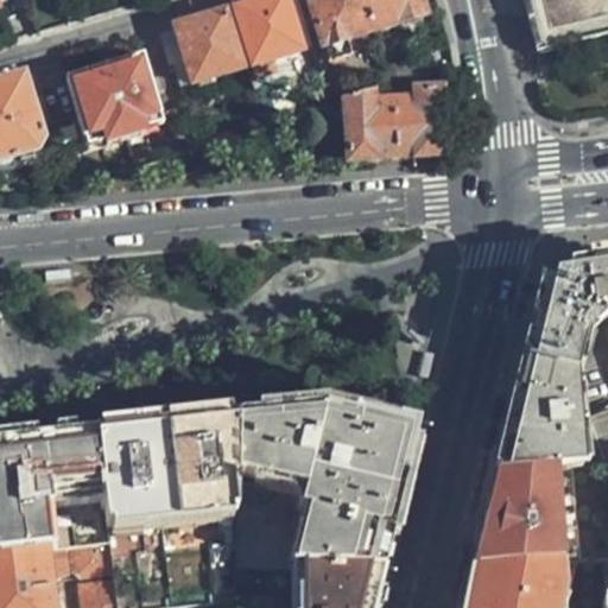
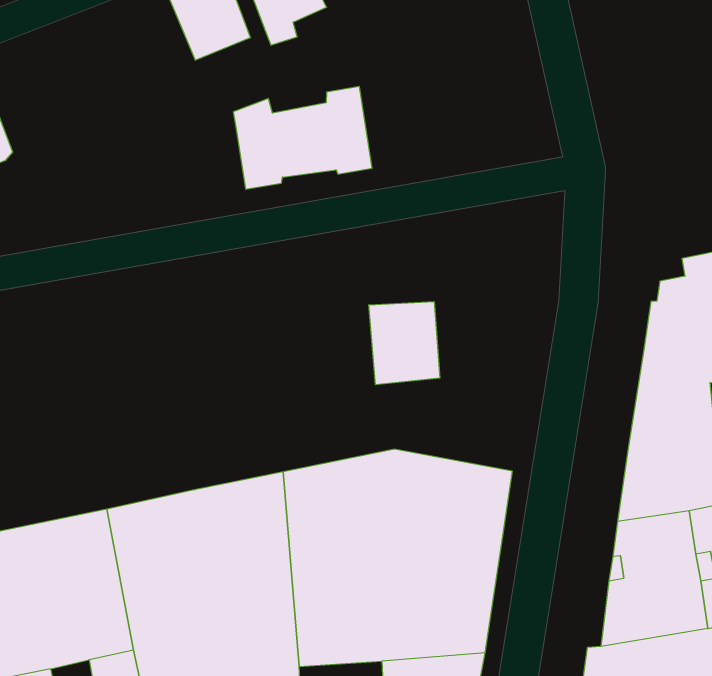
building: [69,61,164,150] -> none
building: [342,80,448,153] -> [233,86,372,189]
building: none -> [369,302,440,385]

